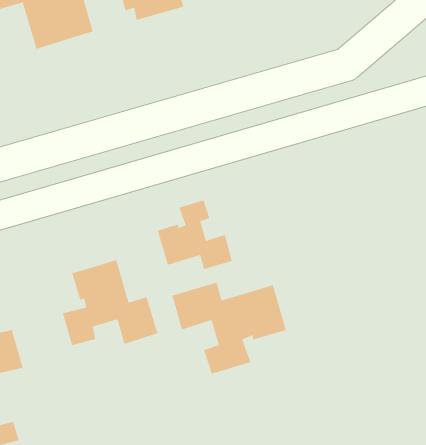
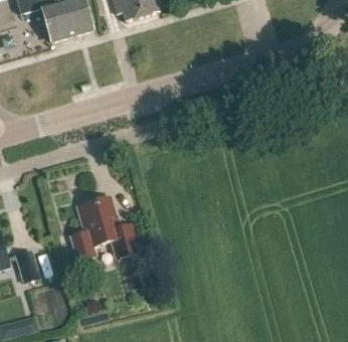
building: [157,199,232,270] -> none
building: [172,282,287,374] -> none

